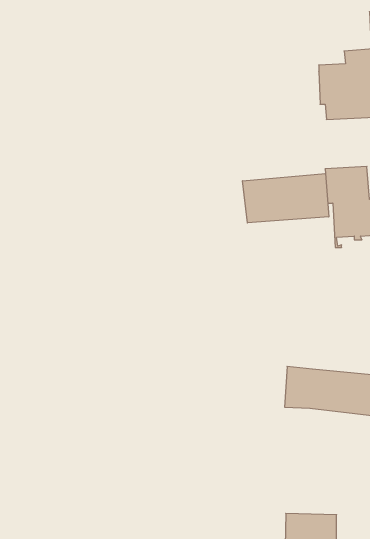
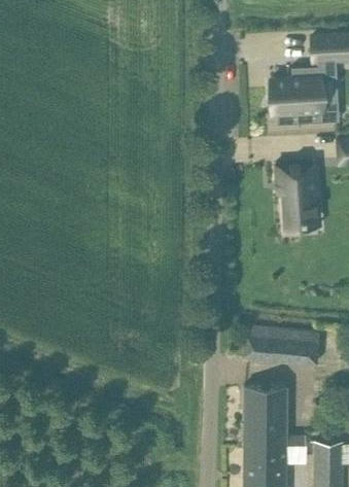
building: [243,173,329,223] -> none
building: none -> [244,387,286,446]

